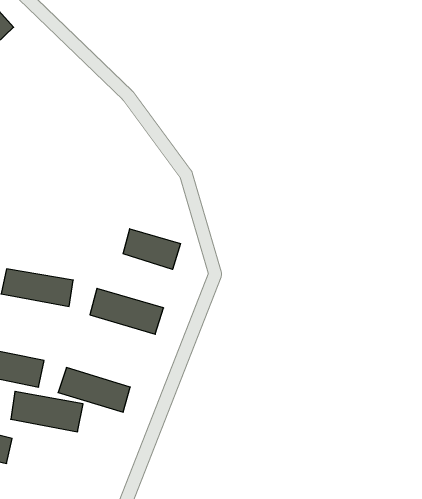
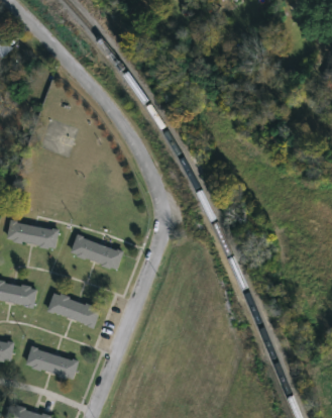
building: [123,229,181,269] -> none
building: [11,391,83,432] -> [25,348,78,378]

